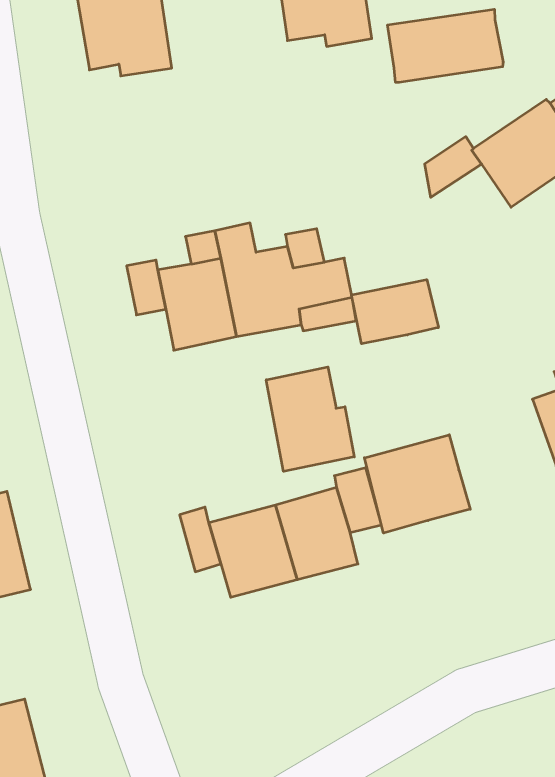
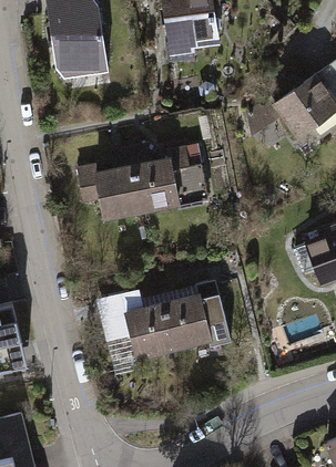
building: [388,9,503,82] -> none
building: [352,280,438,344] -> none
building: [266,367,354,471] -> none
building: [364,435,470,533] -> none

